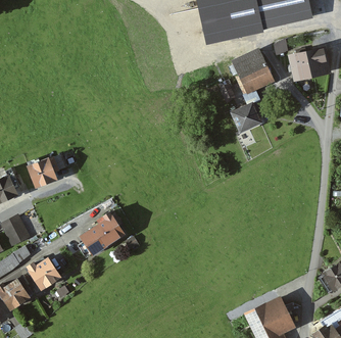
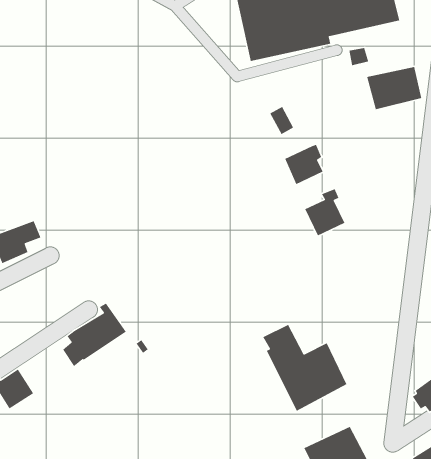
building: [235,52,274,92] -> none
building: none -> [304,188,345,237]
building: none -> [262,324,348,412]

